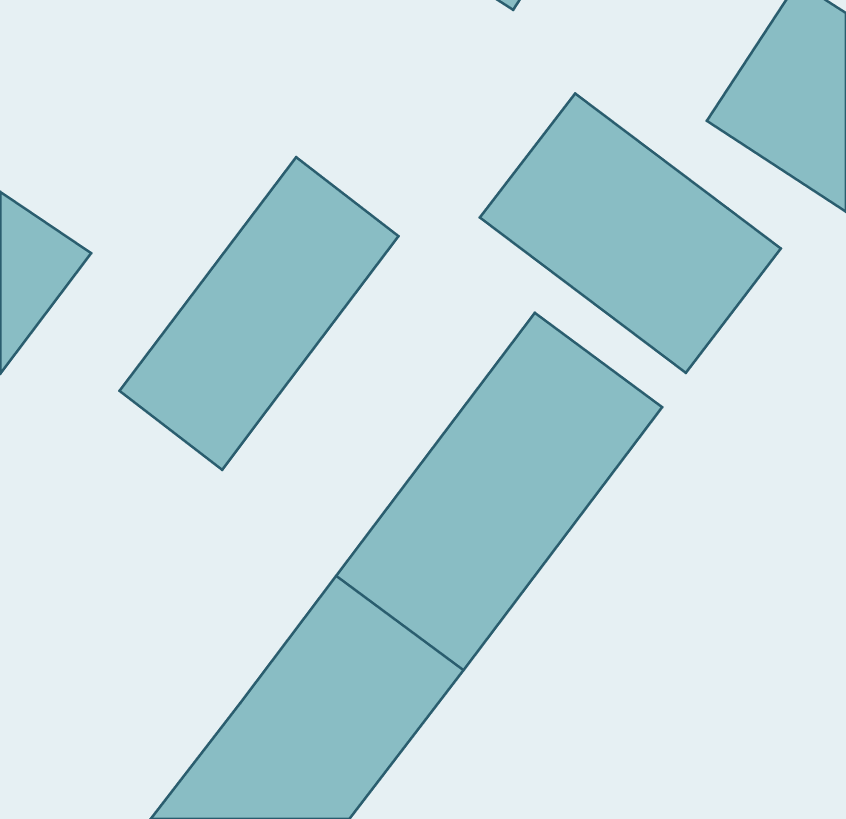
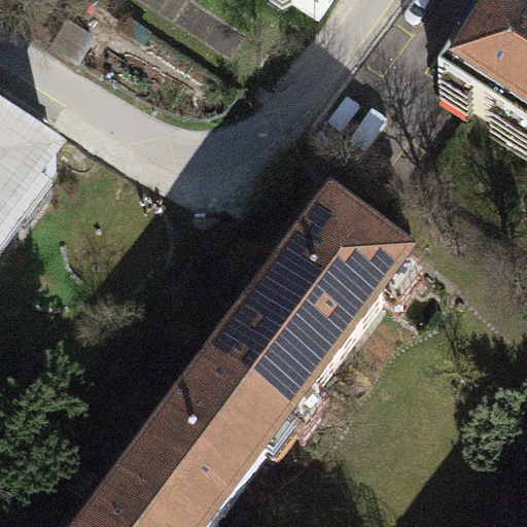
building: [480,93,781,373] -> none
building: [120,157,399,470] -> none

